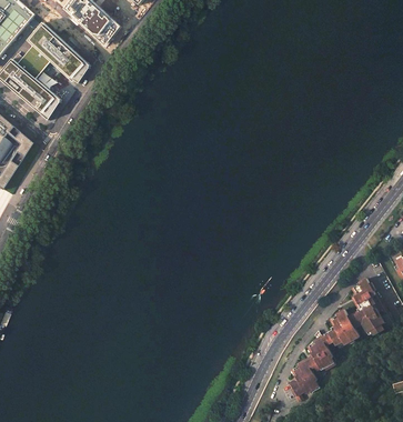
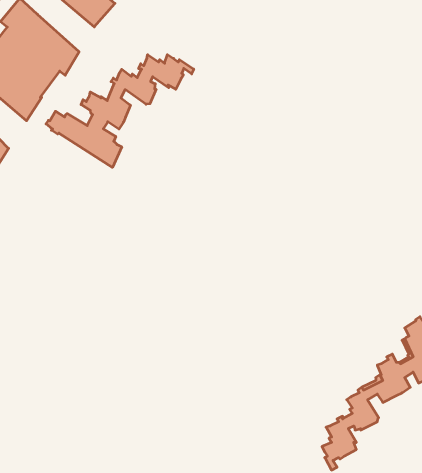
building: none -> [46,55,194,167]

